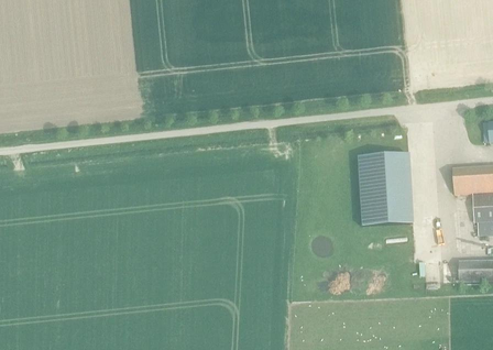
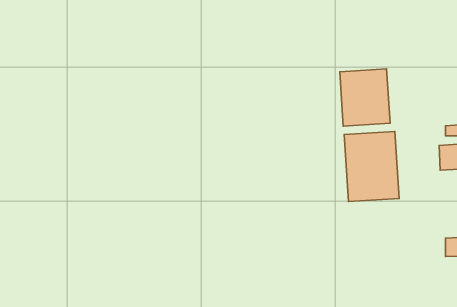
building: none -> [340,69,390,126]

